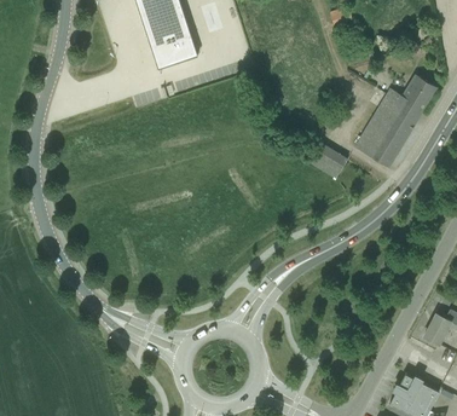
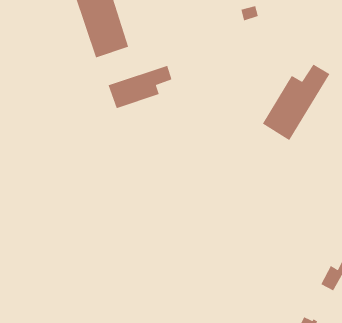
building: none -> [108,65,173,109]
building: [311,145,346,177] -> none

